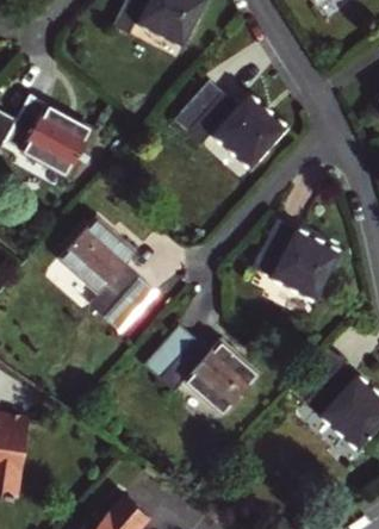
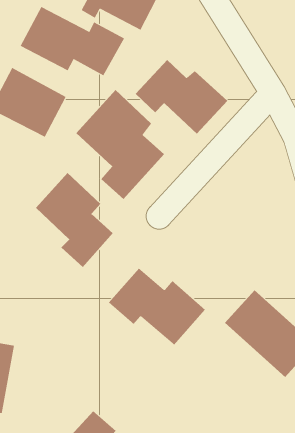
building: none -> [20,6,125,76]
building: none -> [75,89,165,200]
building: [249,219,341,304] -> none

